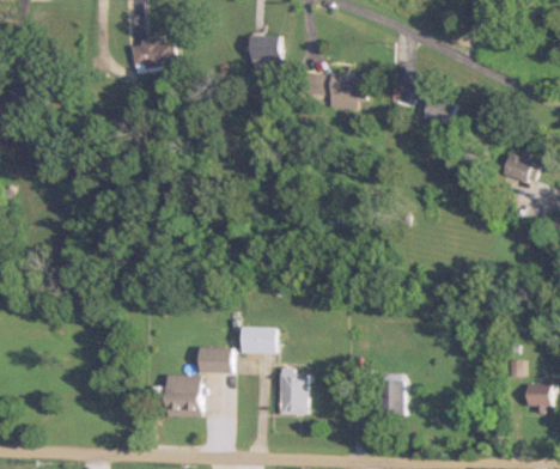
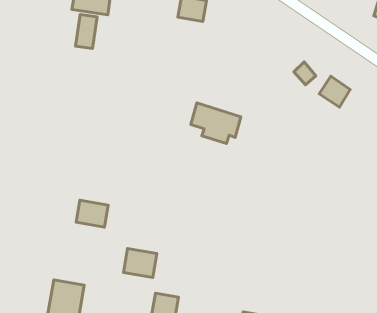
building: [314,72,367,111] -> [191,103,241,144]
building: none -> [75,14,97,48]
building: [197,347,230,372] -> [76,200,108,227]

